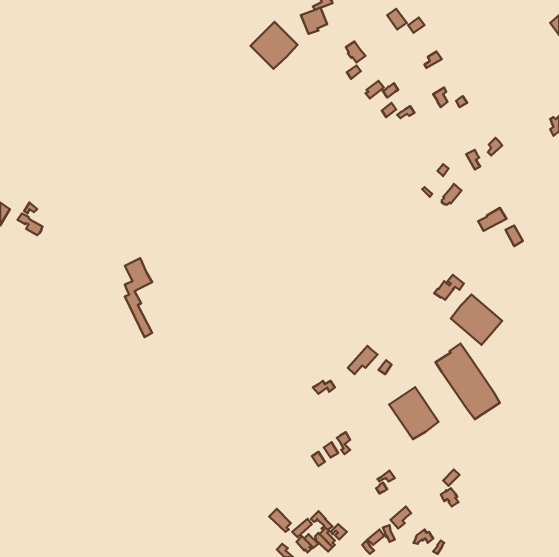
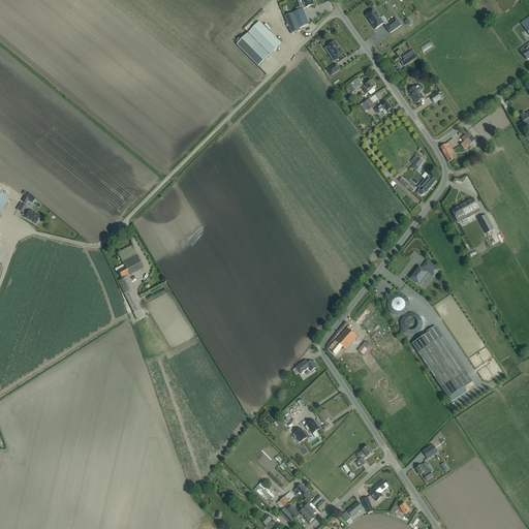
building: [451,294,502,345] -> none
building: [389,387,439,439] -> none

